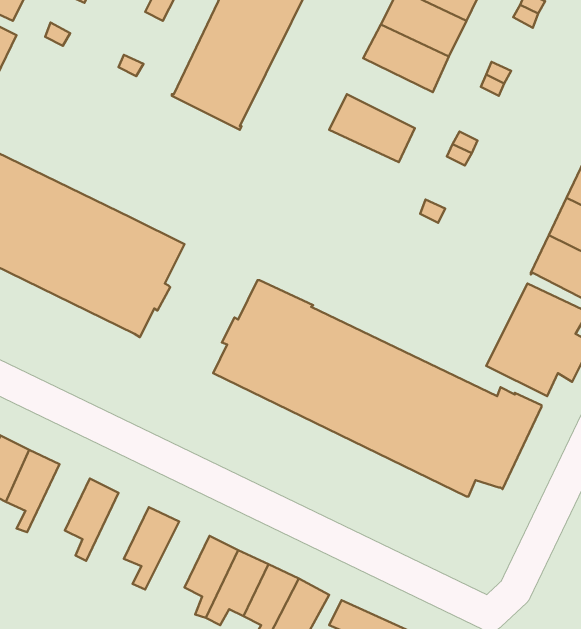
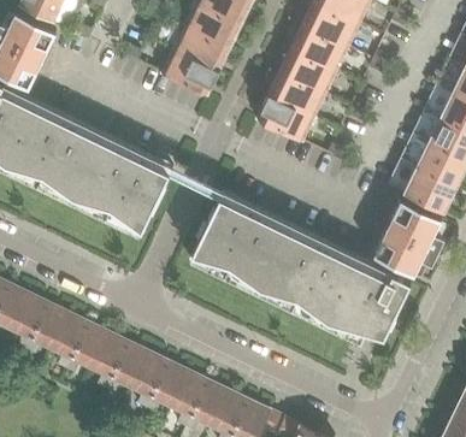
building: none -> [279,46,337,93]
building: none -> [256,94,314,140]
building: none -> [64,319,106,371]
building: none -> [104,338,146,389]
building: none -> [143,358,187,408]

